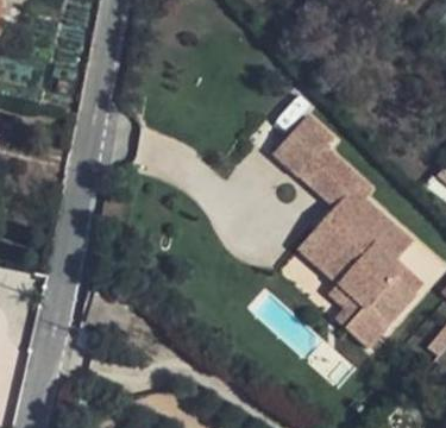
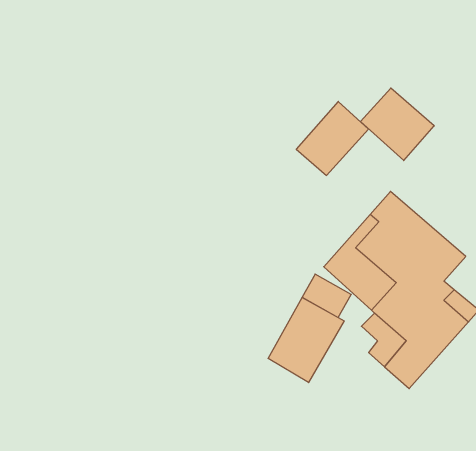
building: [302,147,363,207] -> [360,88,434,161]
building: none -> [268,297,344,383]

